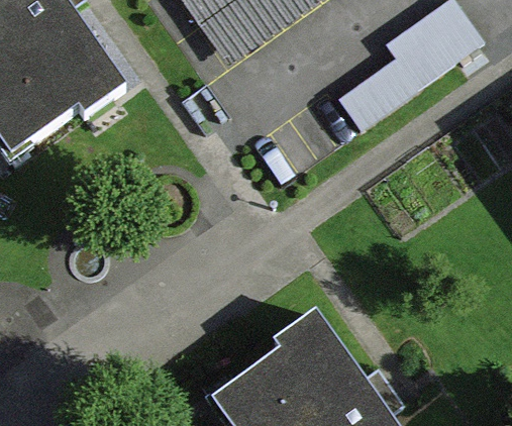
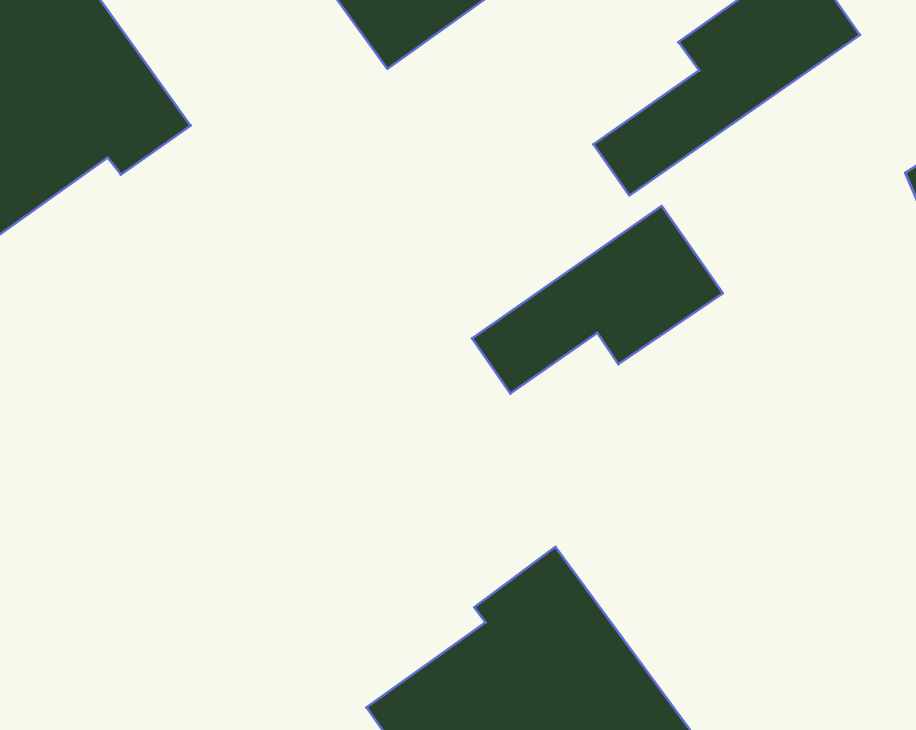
building: none -> [472,206,723,394]

